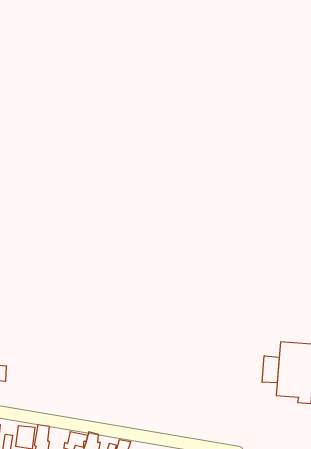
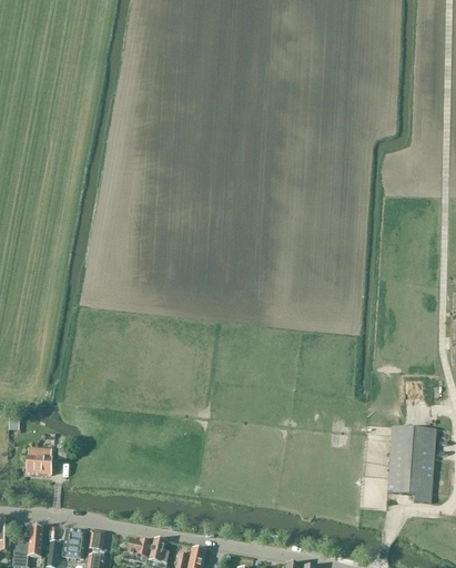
building: [262,356,279,383] -> none

